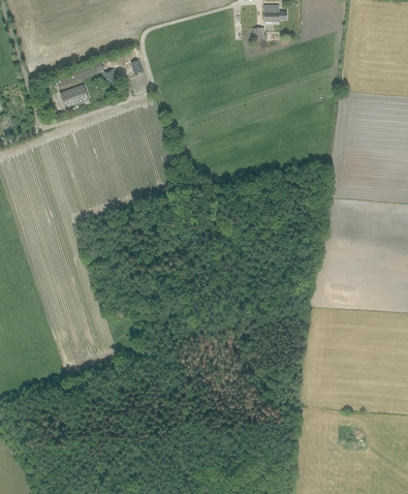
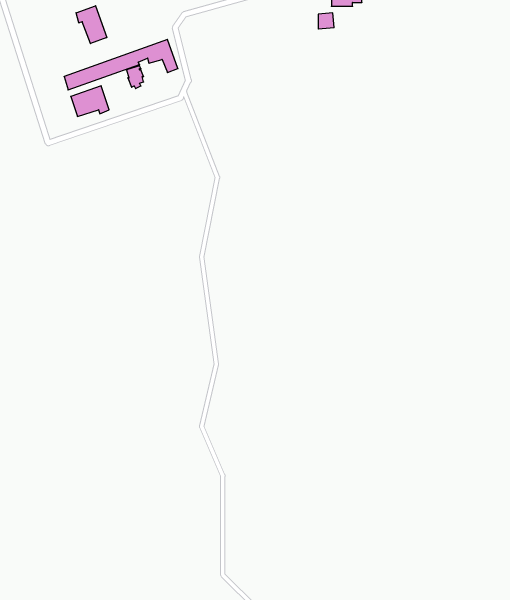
building: none -> [76,6,107,44]

